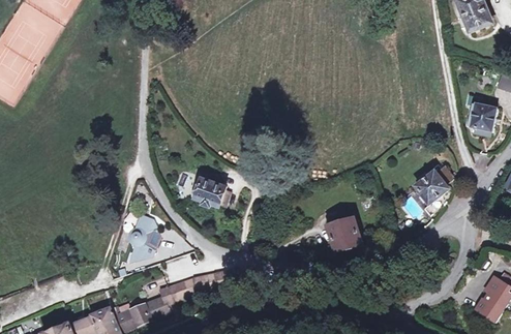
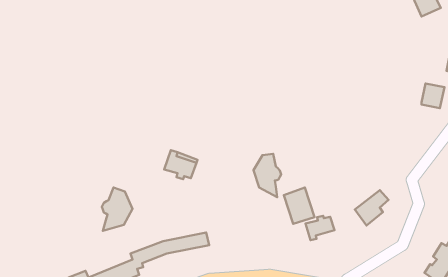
building: [417,166,453,205] -> [355,190,388,226]
building: none -> [254,154,281,197]
building: none -> [306,216,334,240]

